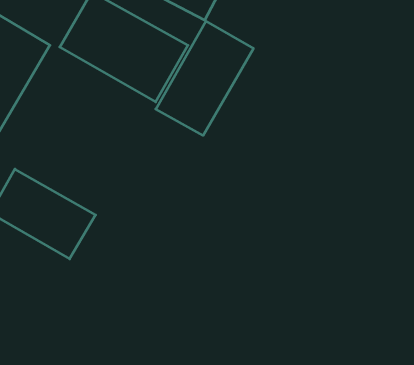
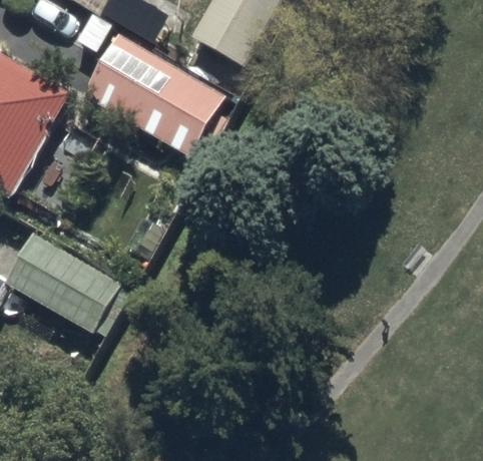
building: [156,21,253,135] -> none

